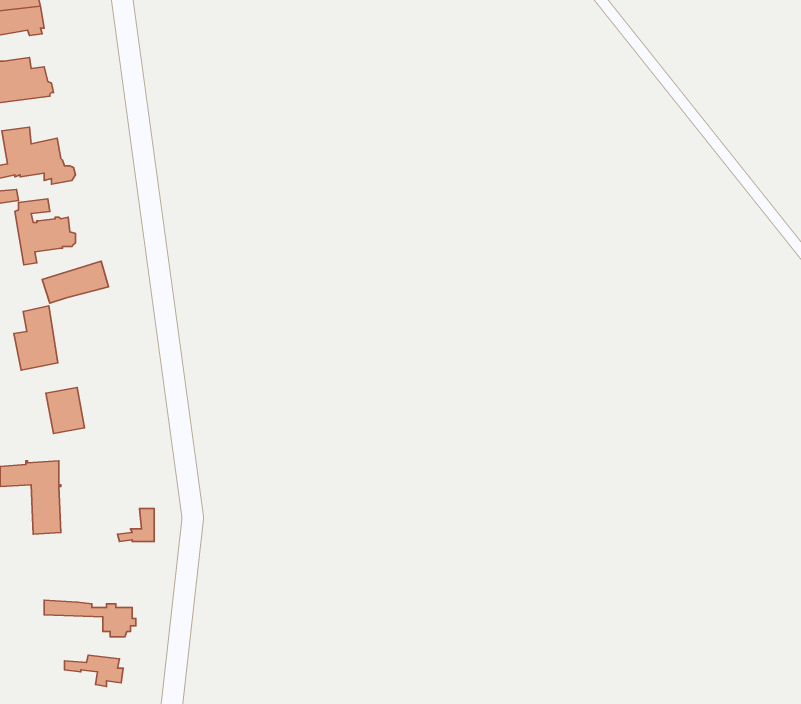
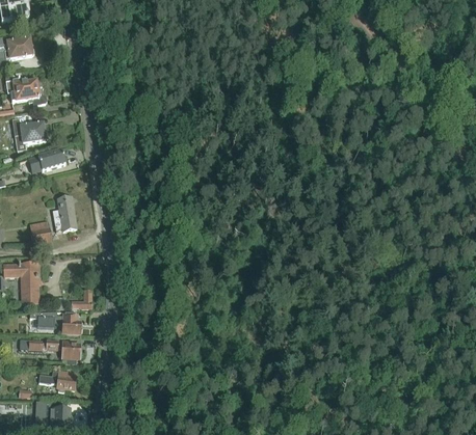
building: [14,306,58,370] -> [52,195,77,232]
building: none -> [30,310,81,334]

